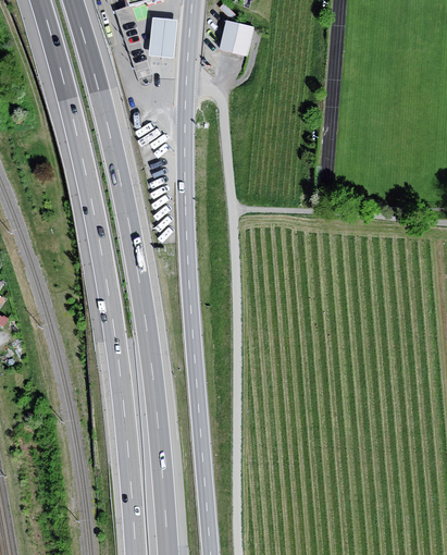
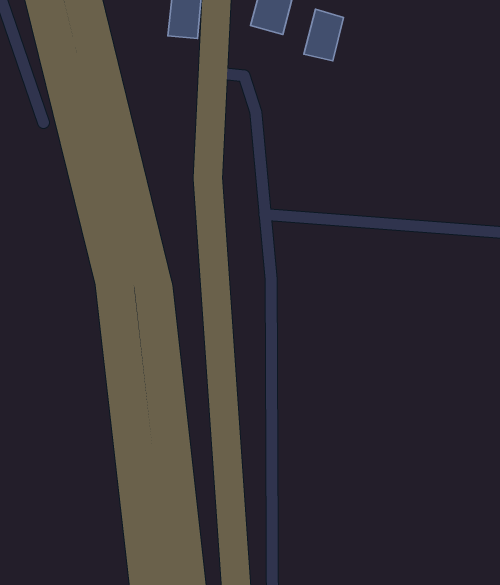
building: none -> [304,9,344,61]

